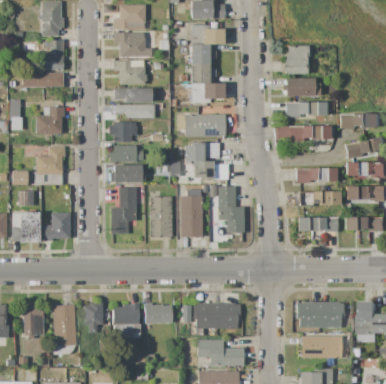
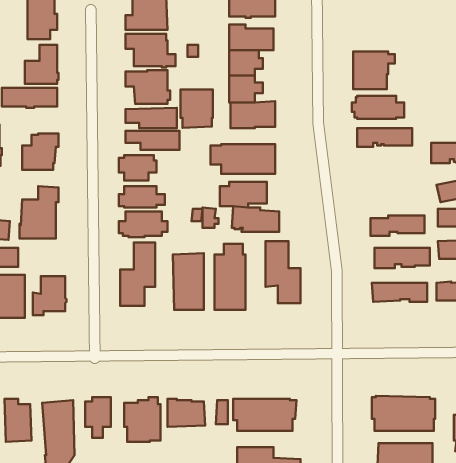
building: none -> [180,90,213,128]
building: [274,126,335,141] -> none

